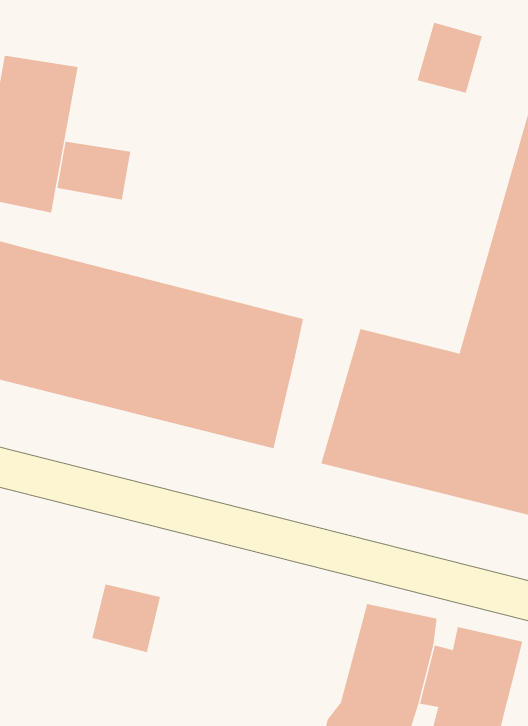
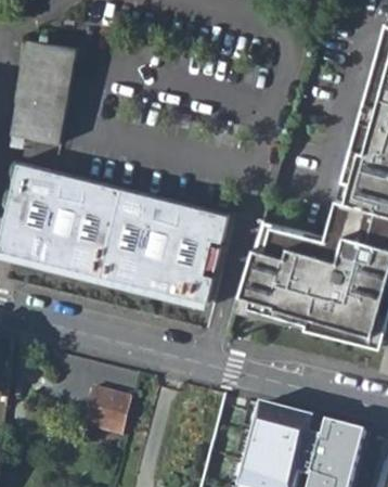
building: [417,22,482,93] -> none
building: [57,141,131,200] -> none

